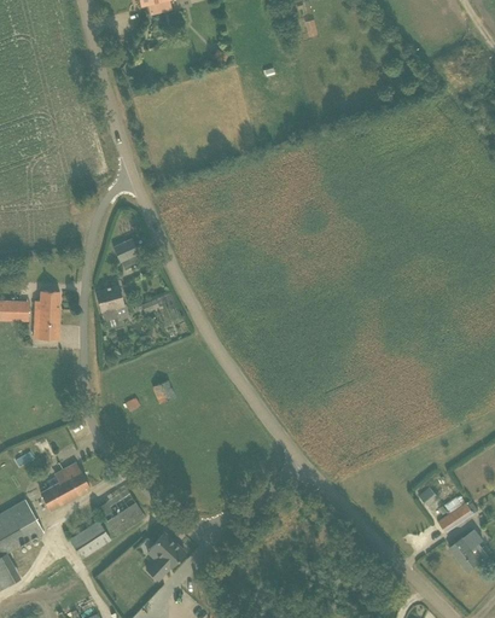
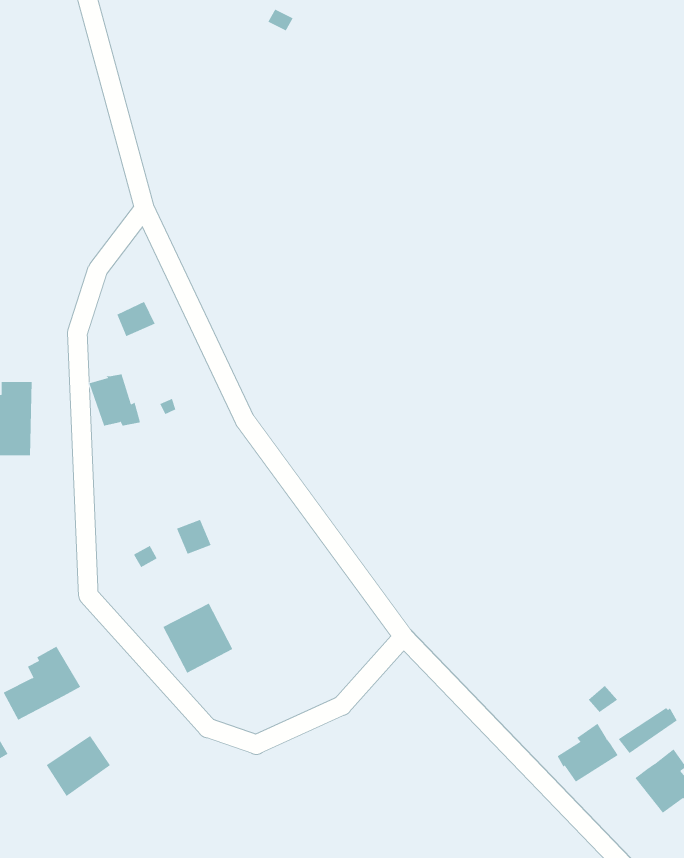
building: [98,488,144,534] -> [162,603,233,674]
building: none -> [557,723,619,783]
building: [145,531,185,579] -> none

